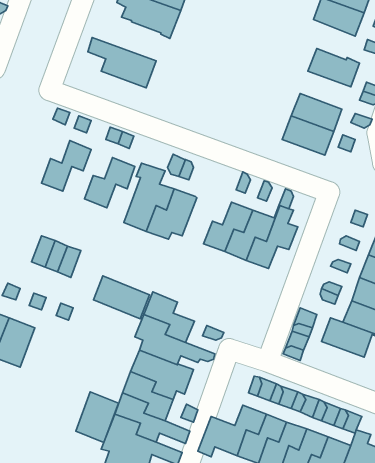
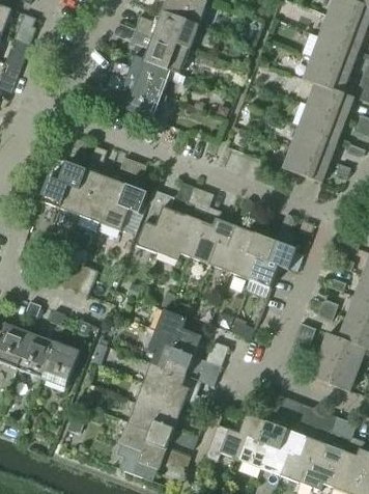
building: none -> [107,54,170,94]
building: none -> [303,56,349,93]
building: none -> [299,104,345,139]
building: none -> [38,161,86,208]
building: none -> [80,176,125,222]
building: none -> [190,205,235,264]
building: [93,276,150,319] -> none
building: none -> [310,354,358,391]
building: [76,392,118,442] -> [40,341,80,388]

